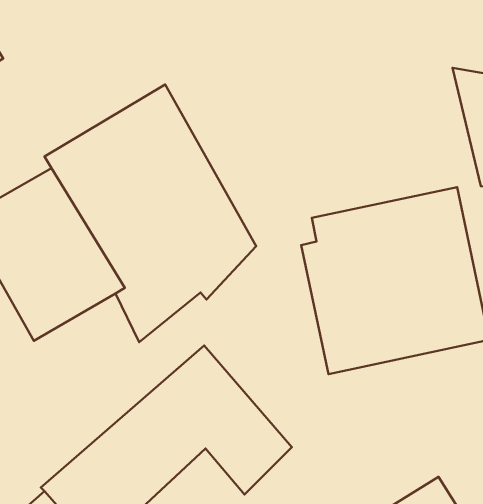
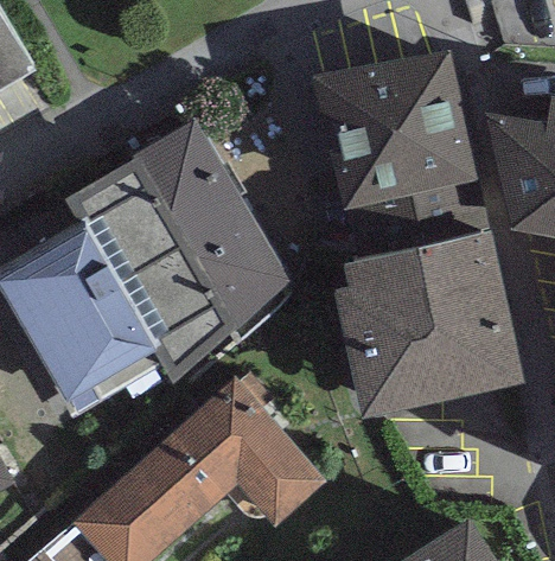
building: none -> [313,44,477,204]

